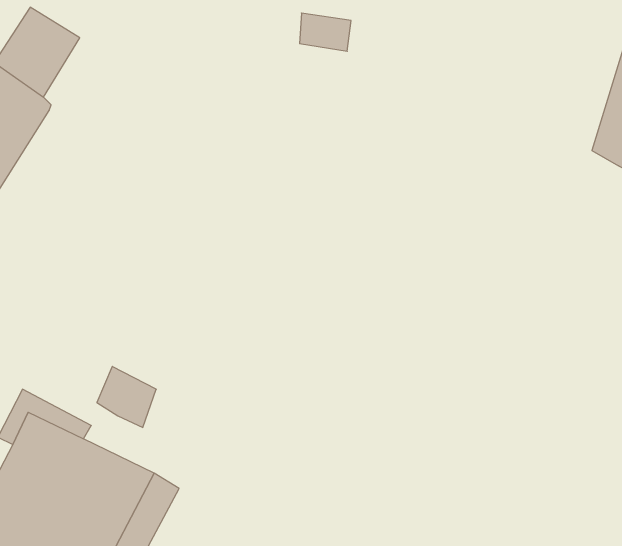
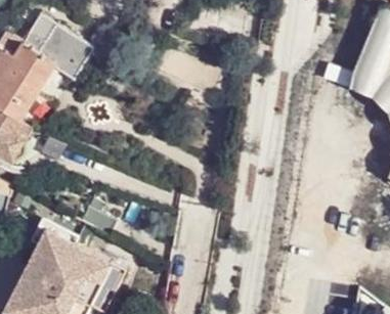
building: none -> [52,27,95,77]

